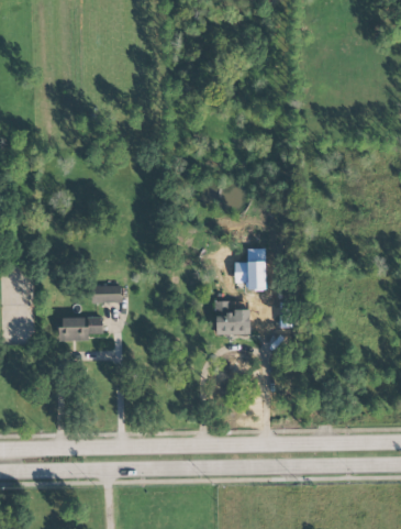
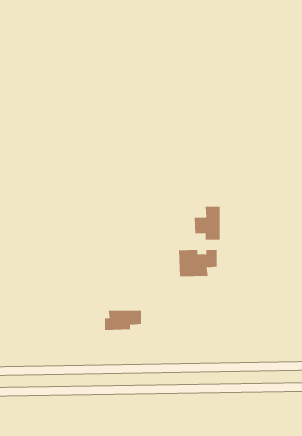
building: [90,285,121,302] -> none
building: [57,317,102,341] -> [104,310,142,331]

